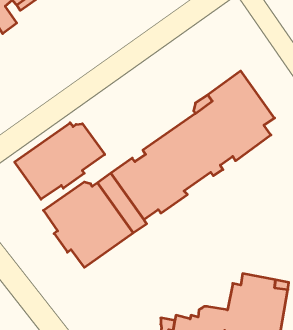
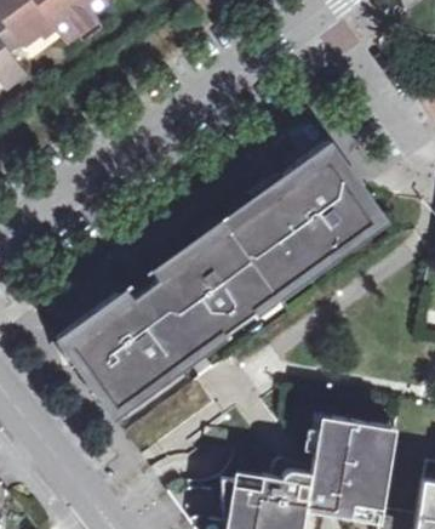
building: [15,123,105,199] -> none

